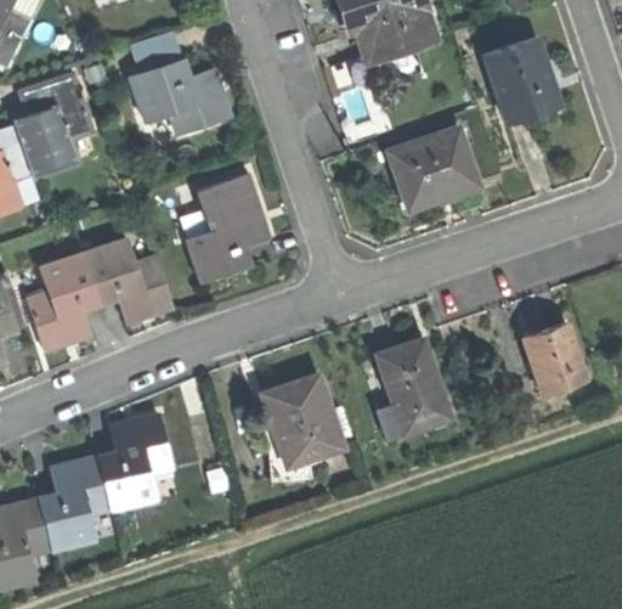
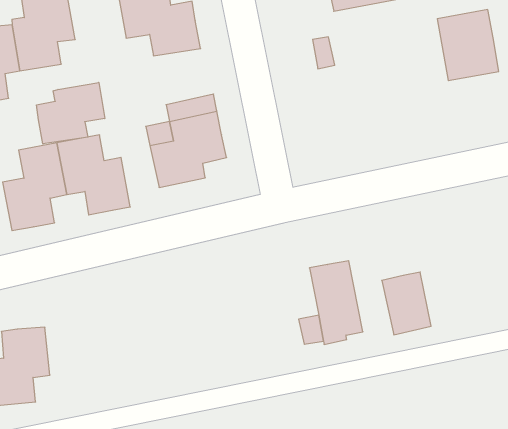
building: [390,132,480,213] -> none
building: none -> [37,82,105,144]
building: [522,323,583,396] -> [382,272,431,335]
building: [261,374,339,463] -> none
building: [95,415,168,507] -> none

